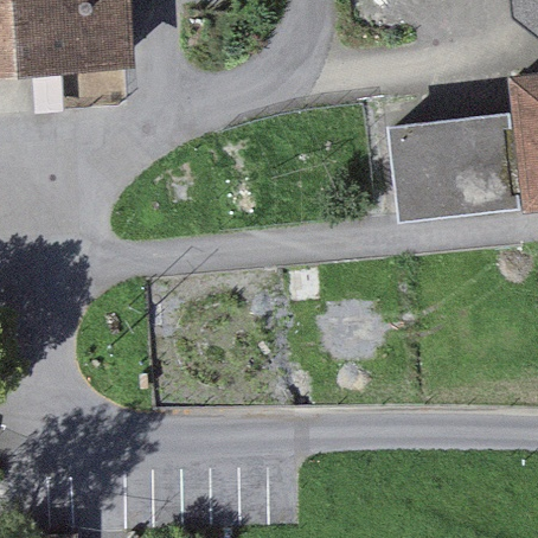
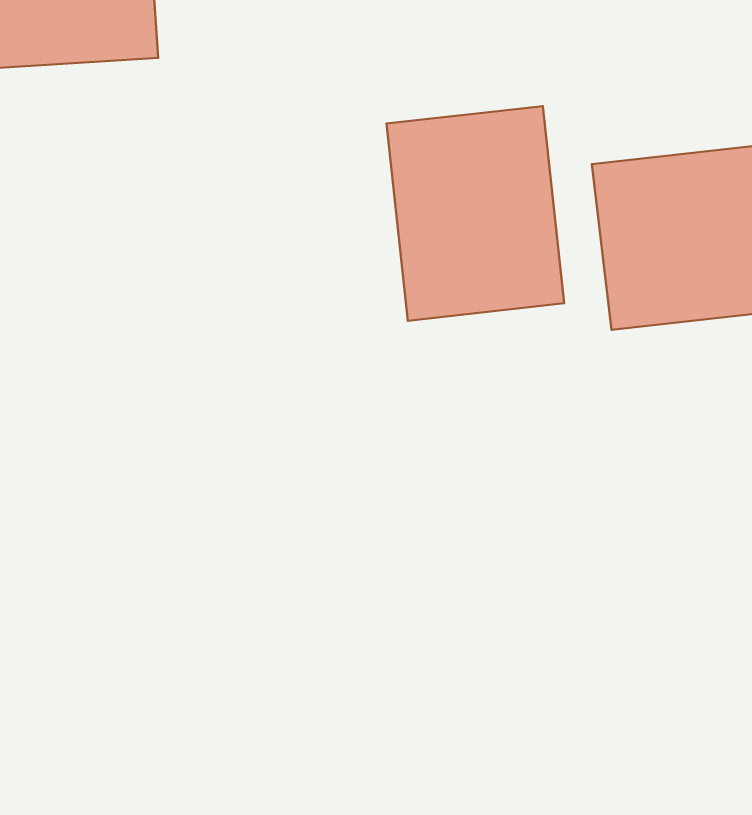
building: none -> [387,106,564,321]

